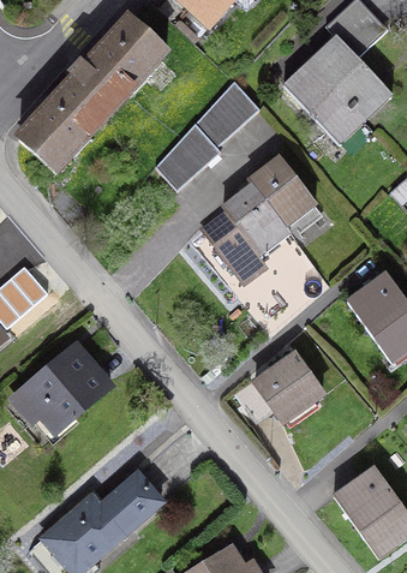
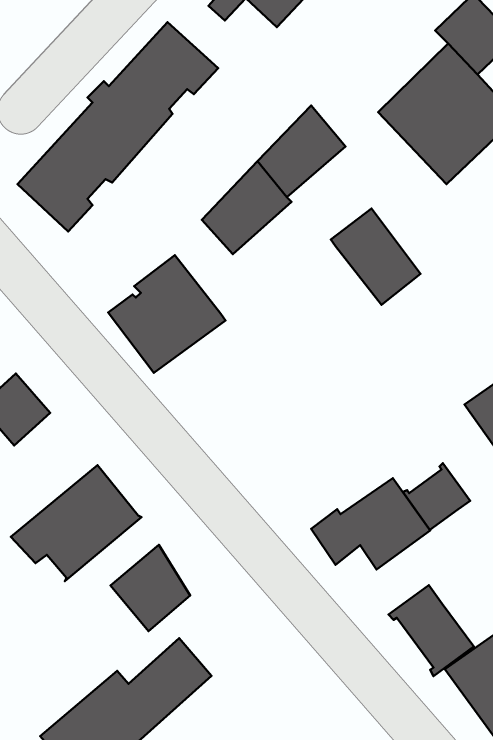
building: [203,184,289,270] -> [108,255,226,373]
building: none -> [403,463,470,530]
building: none -> [111,545,190,631]
building: none -> [389,585,474,676]

